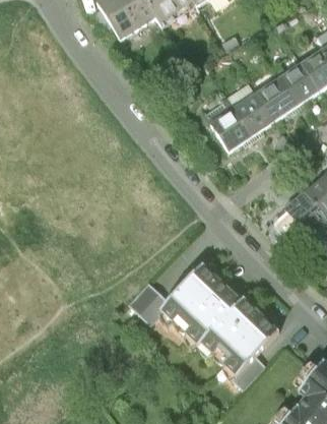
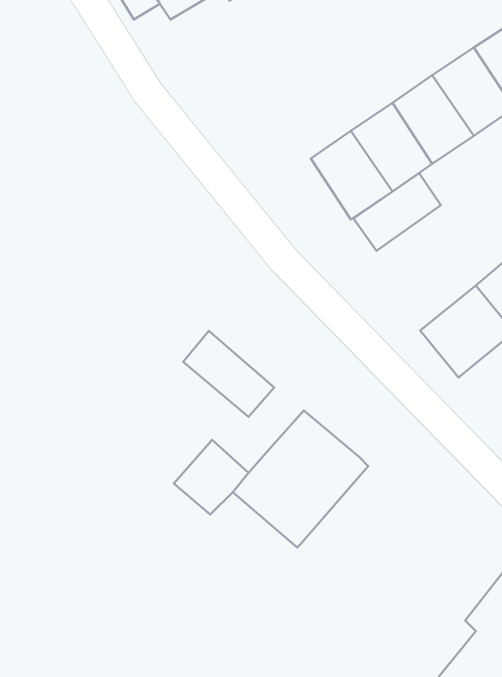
building: none -> [353,173,441,251]
building: none -> [183,331,274,417]
building: [201,297,279,377] -> none

